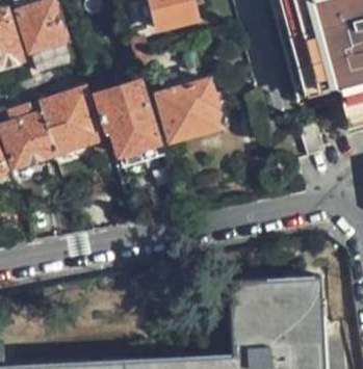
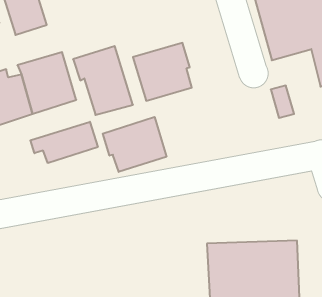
building: none -> [103,117,166,172]
building: none -> [30,122,98,163]

